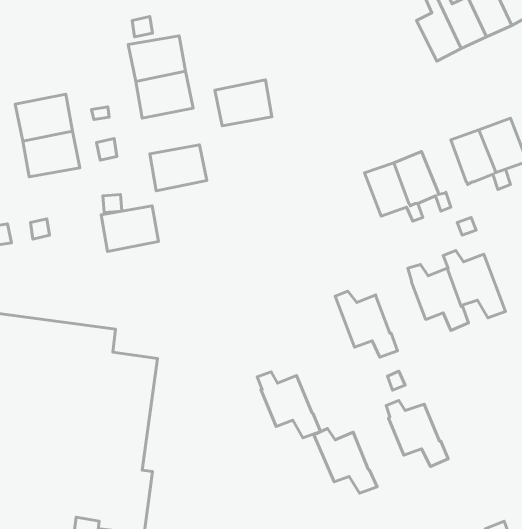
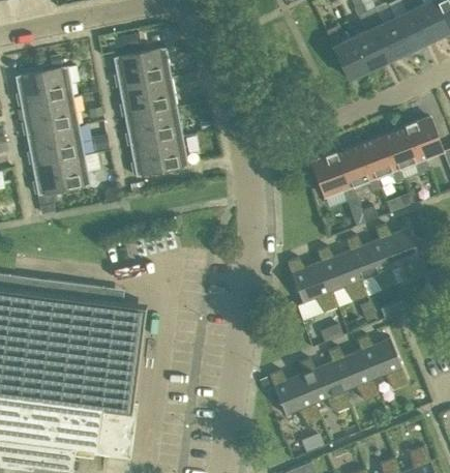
building: none -> [326,29,369,81]
building: none -> [21,69,67,107]
building: [215,80,272,126] -> [129,110,176,147]
building: none -> [357,136,404,184]
building: [101,206,158,252] -> [37,158,84,196]
building: none -> [317,247,366,302]
building: [257,372,321,438] -> [298,359,350,413]
building: none -> [356,335,408,389]

